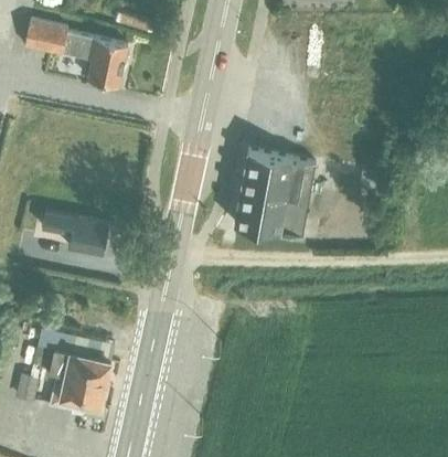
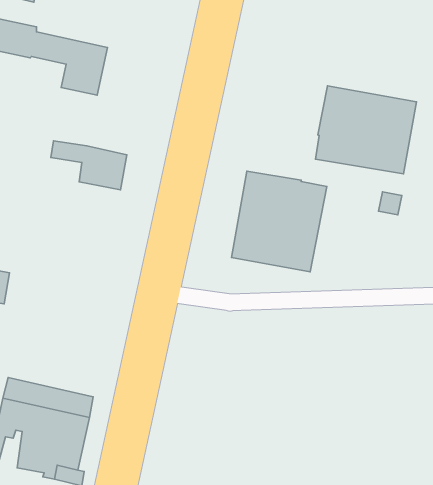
building: none -> [315,86,417,174]
building: [43,212,108,254] -> [51,141,127,190]

